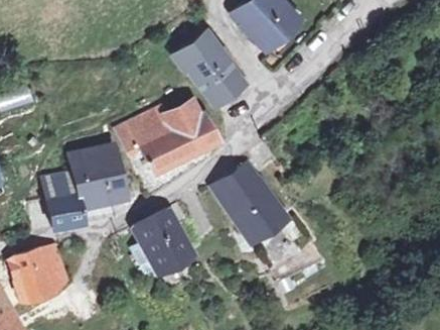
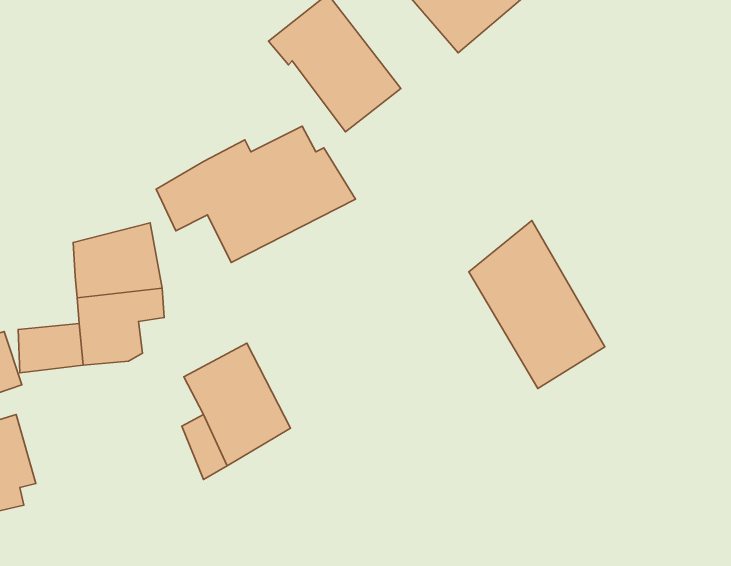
building: [214,157,284,243] -> [469,221,605,388]
building: [47,176,81,203] -> none

